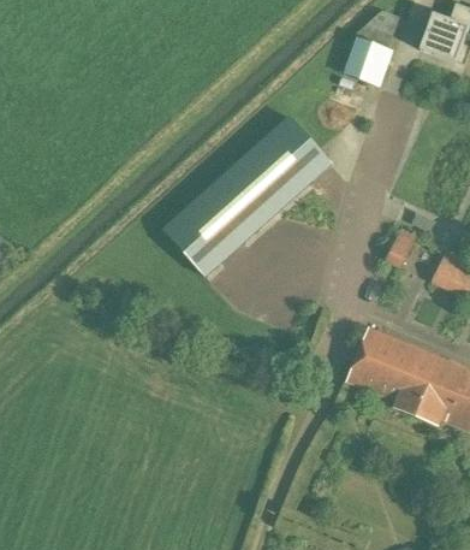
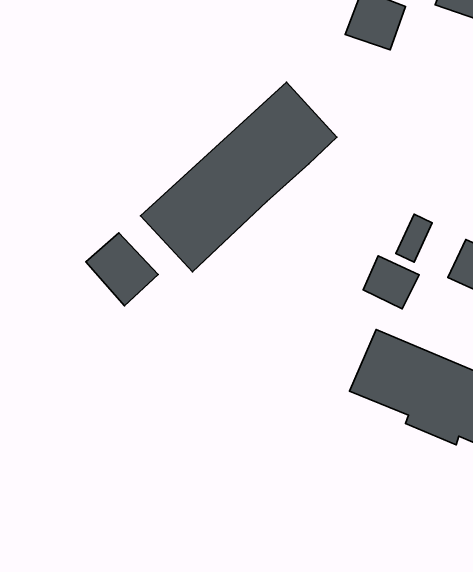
building: none -> [86,233,158,306]
building: none -> [363,256,419,309]

